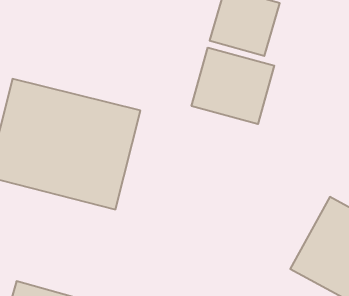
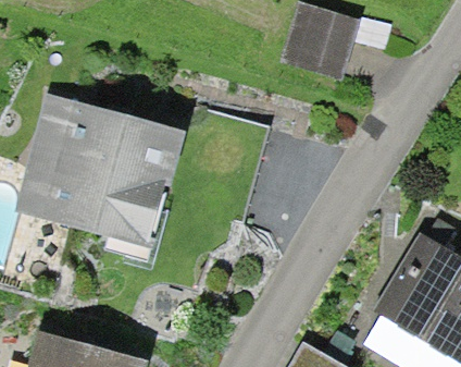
building: [192,48,274,124] -> none

